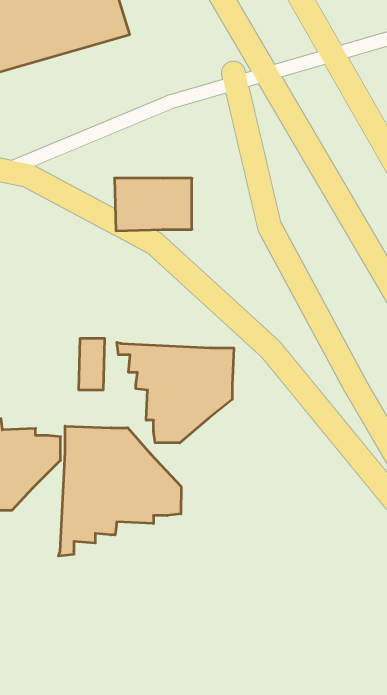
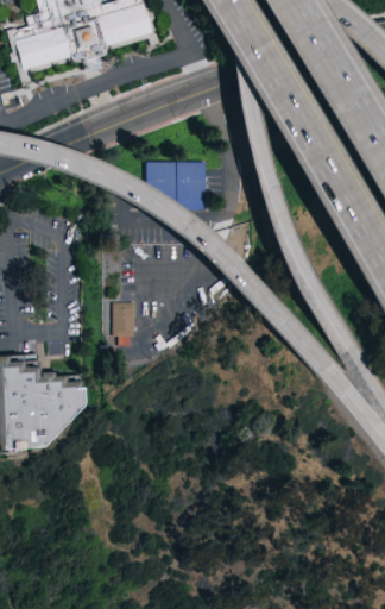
building: [117,342,234,443] -> none
building: [58,426,181,556] -> none

